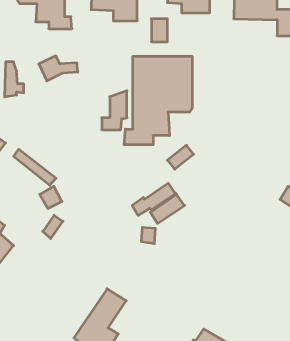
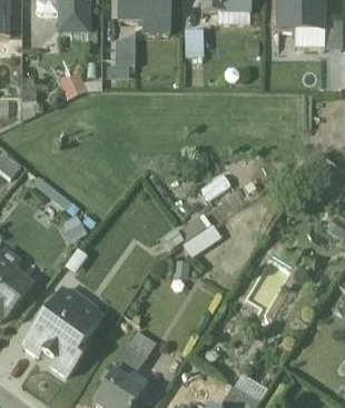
building: [124,56,192,145] -> none
building: [102,91,127,130] -> [108,33,136,77]
building: none -> [23,286,105,375]

